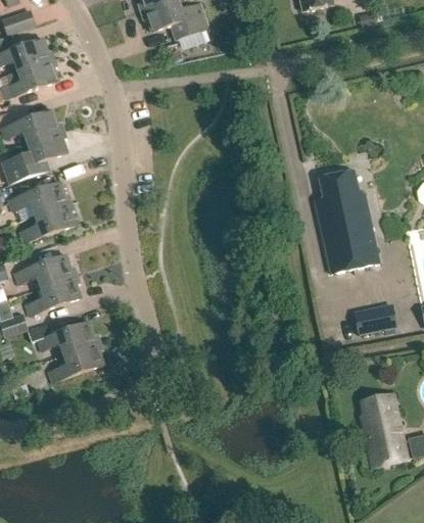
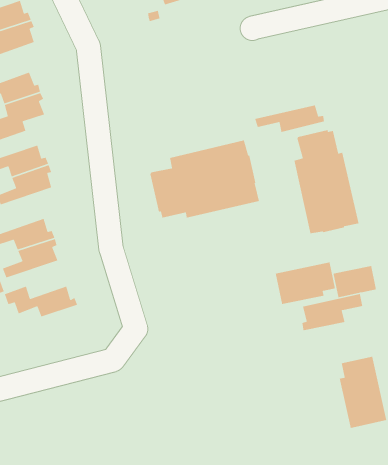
building: none -> [254,104,325,133]
building: none -> [150,140,260,218]
building: none -> [275,262,336,305]
building: none -> [302,293,363,331]
building: [47,341,102,382] -> none

